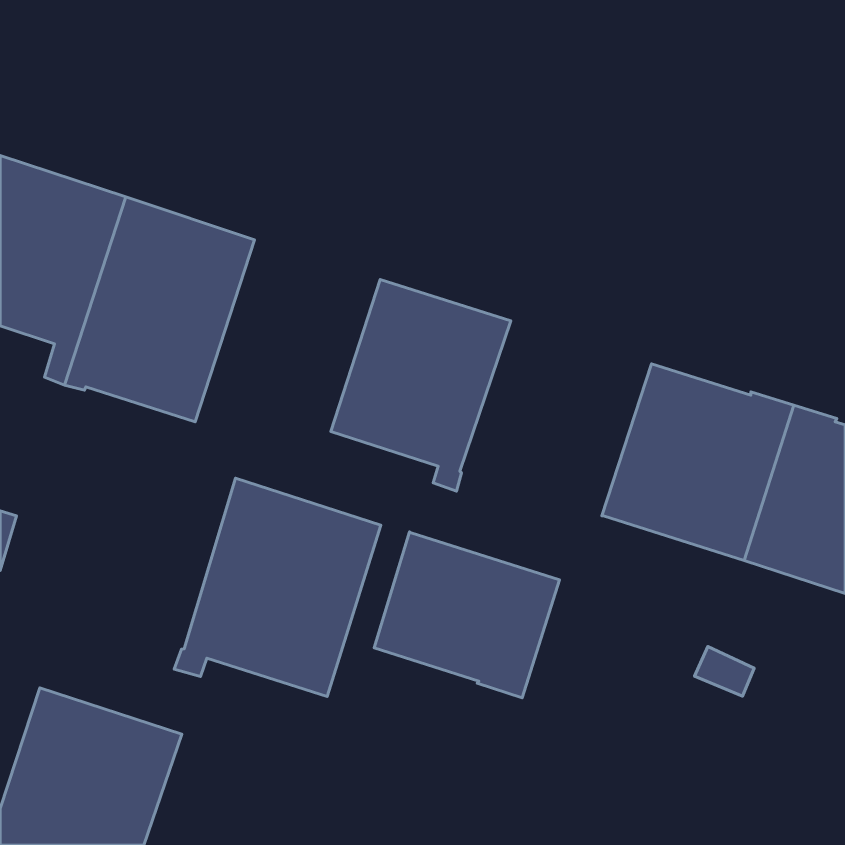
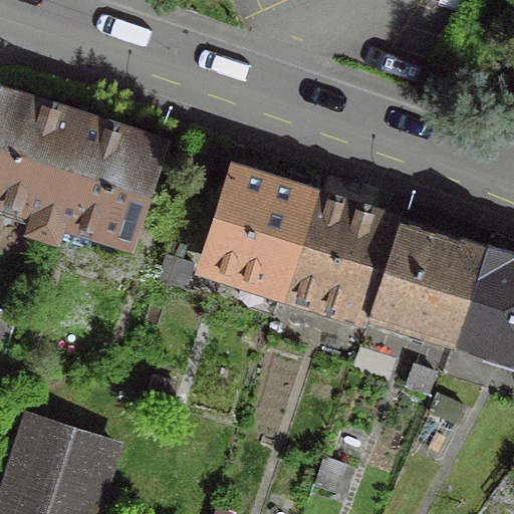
building: none -> [279,195,396,325]
building: [174,478,381,696] -> none
building: [374,532,559,698] -> none

